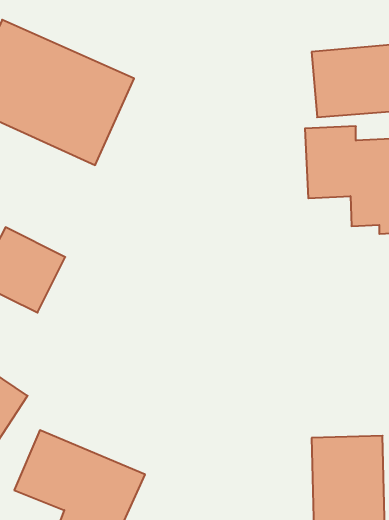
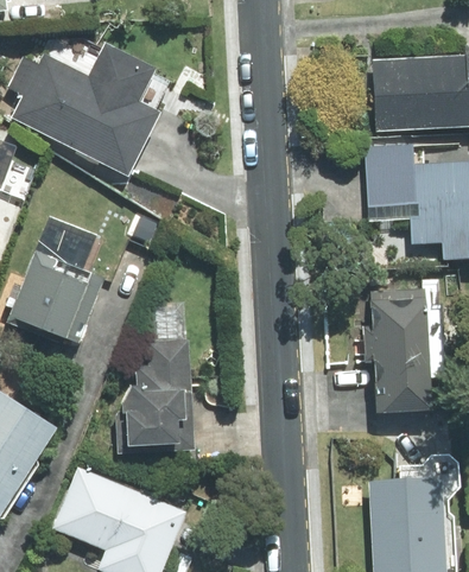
building: none -> [365,287,435,411]
building: none -> [125,343,189,444]

